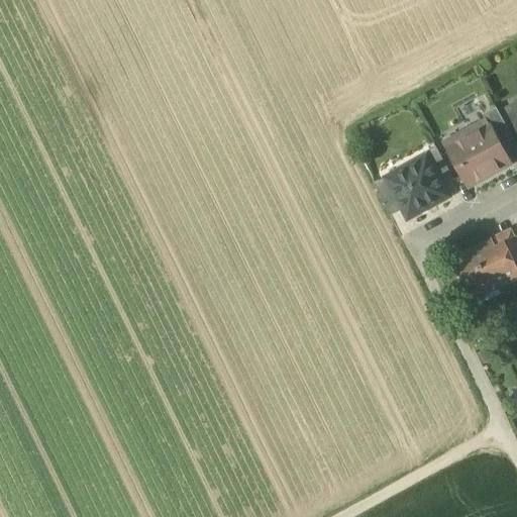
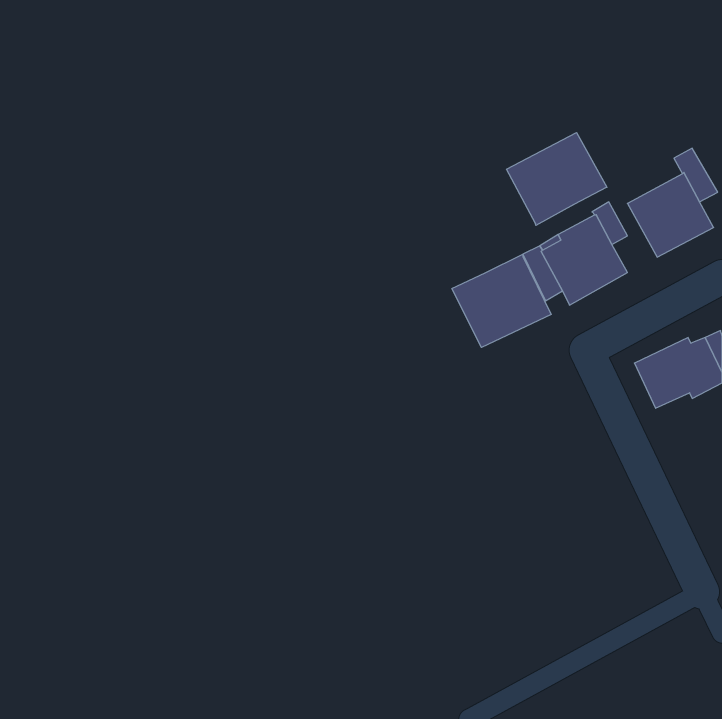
building: none -> [507,133,607,225]
building: none -> [452,254,551,347]

